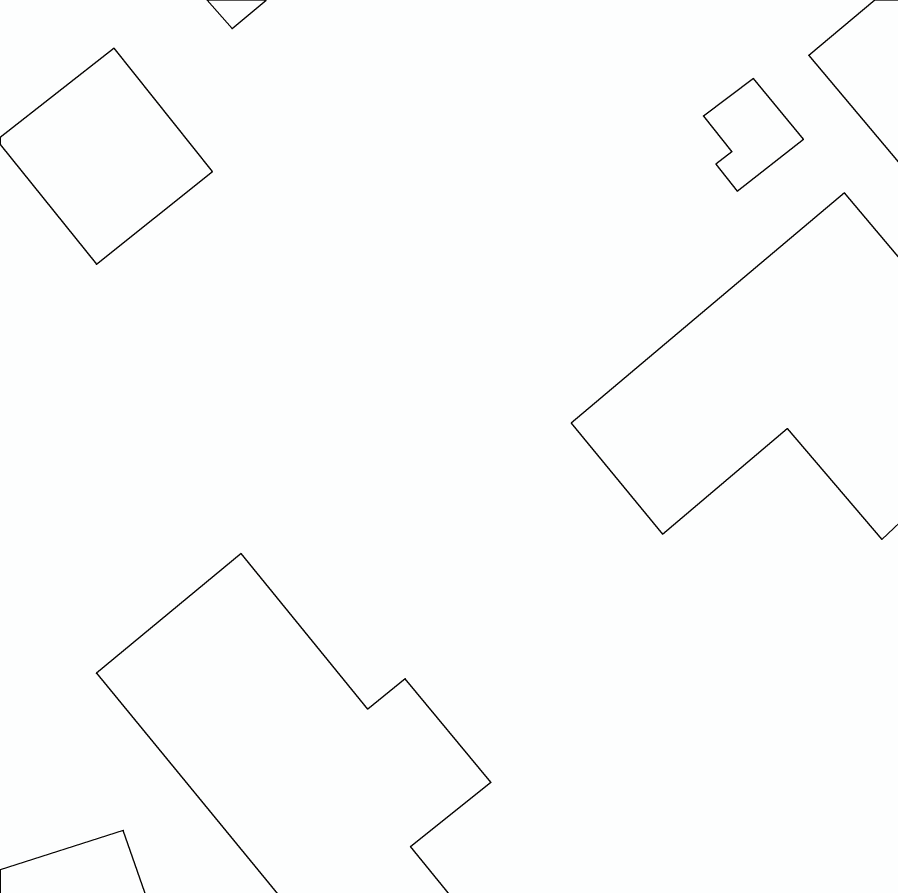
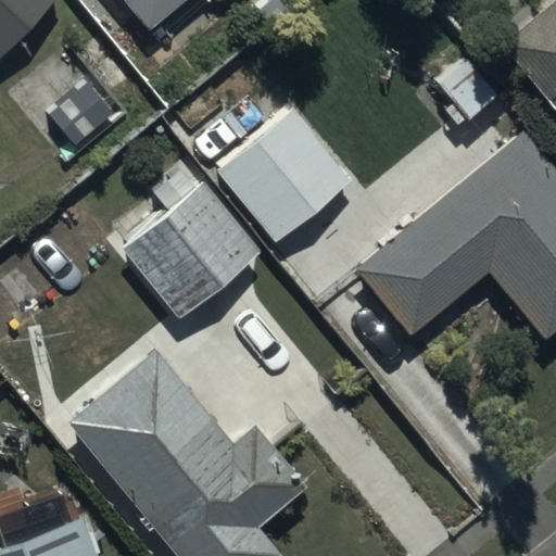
building: none -> [219,112,351,242]
building: none -> [113,173,261,320]

